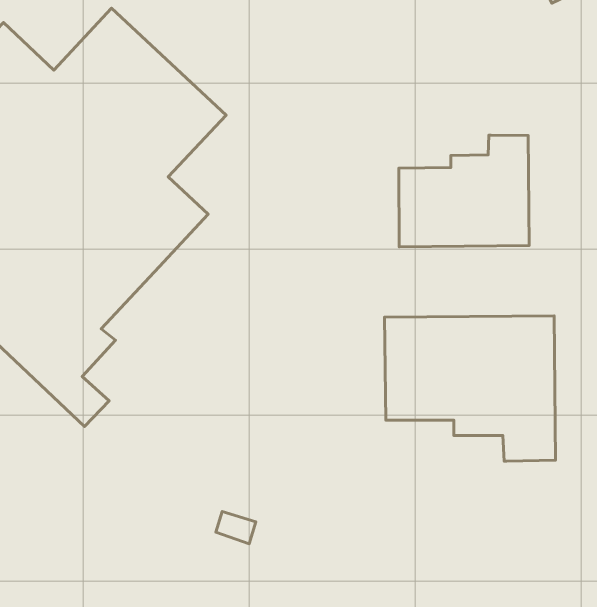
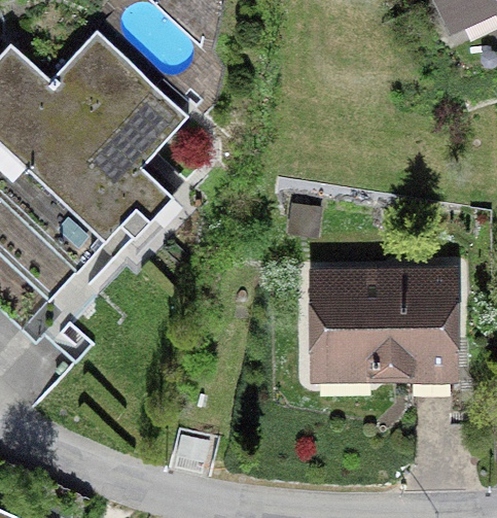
building: [399,135,529,247] -> none

